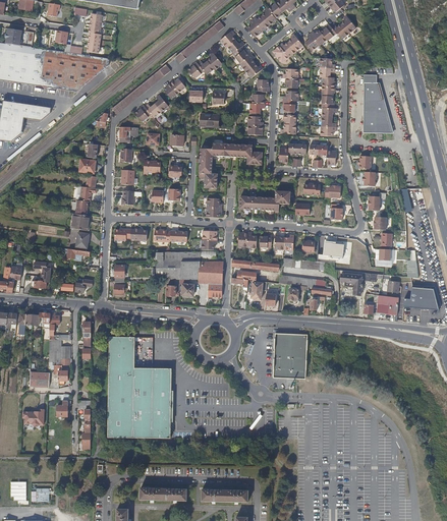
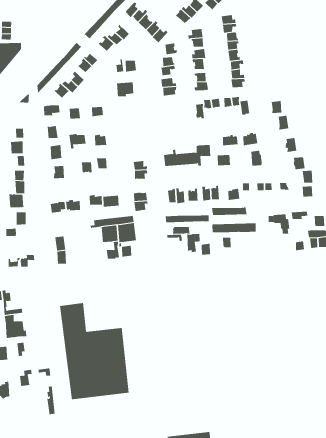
building: [362,81,392,132] -> none
building: [197,140,262,187] -> none
building: [199,260,223,296] -> none
building: [273,333,308,378] -> none

